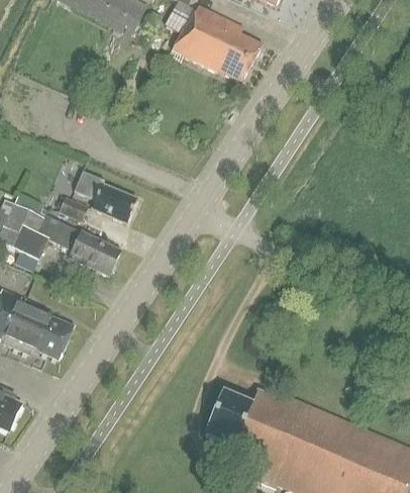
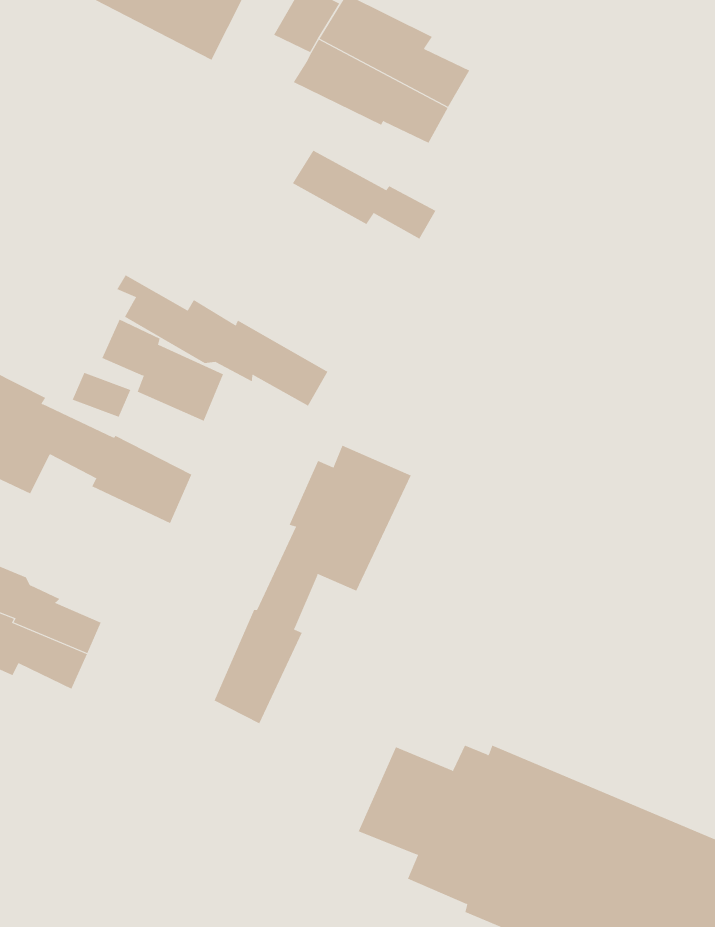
building: none -> [292,150,436,240]
building: none -> [117,274,328,406]
building: none -> [214,445,411,724]

